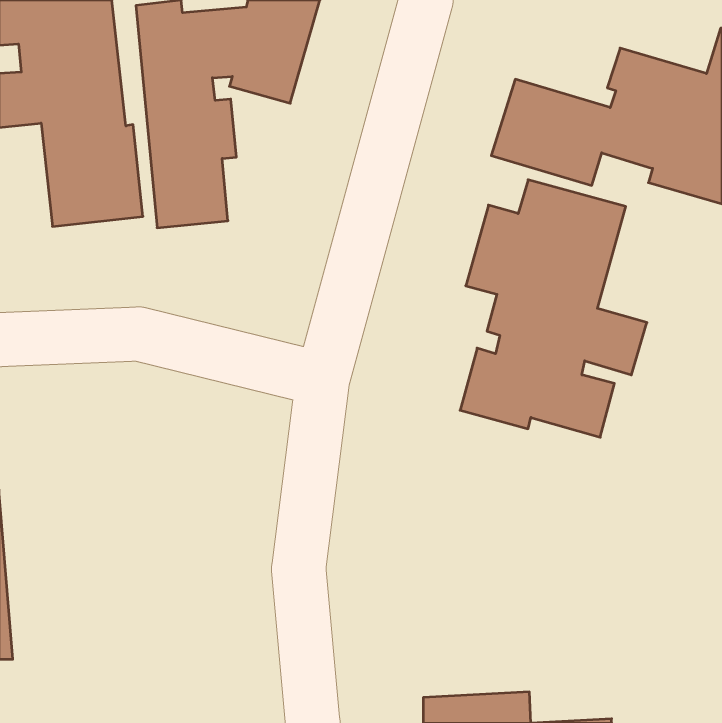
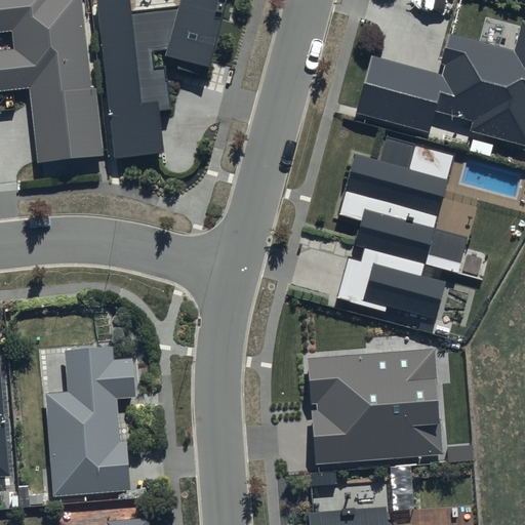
building: none -> [304,342,441,459]
building: none -> [46,349,135,496]

